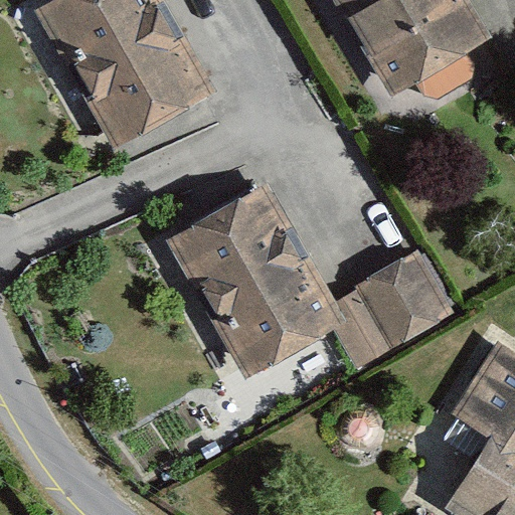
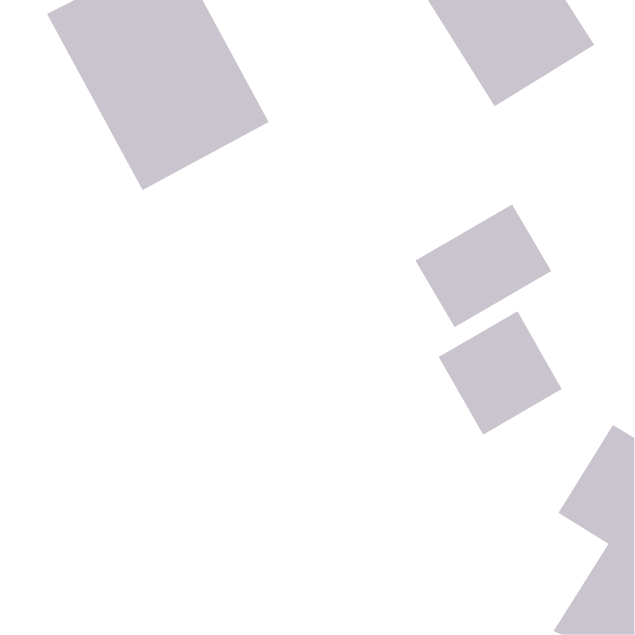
building: none -> [414,203,552,328]
building: [164,183,347,380] -> none

